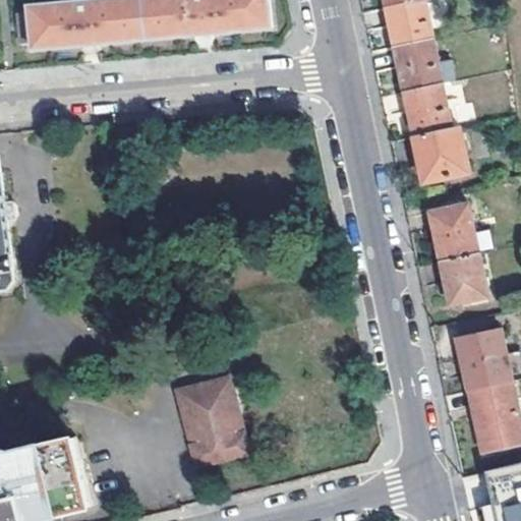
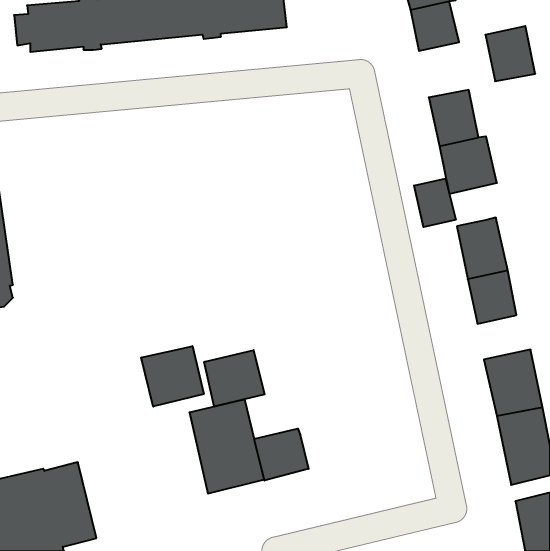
building: [394,40,441,92] -> [485,26,535,81]
building: none -> [414,179,456,227]
building: none -> [141,346,204,407]
building: none -> [204,350,265,407]
building: none -> [254,429,309,481]

